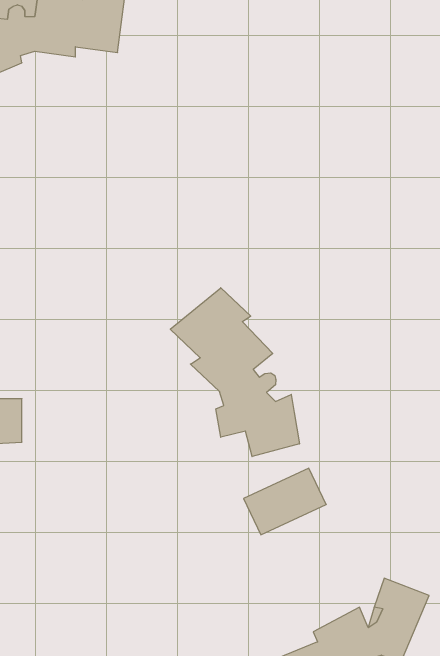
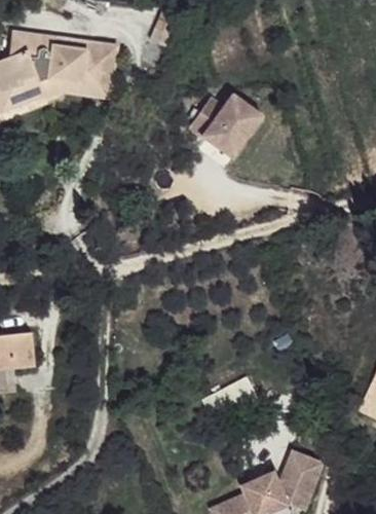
building: none -> [185,91,262,167]
building: [170,288,299,457] -> none

